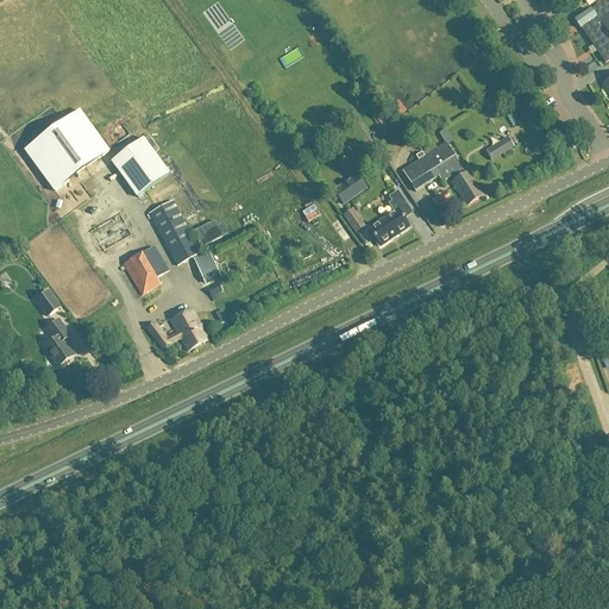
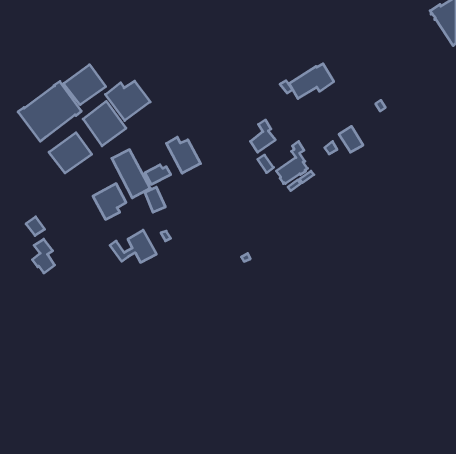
building: none -> [64,65,106,105]
building: none -> [105,81,150,121]
building: [402,142,462,188] -> [289,64,334,99]
building: none -> [49,133,92,173]
building: none -> [166,137,201,173]

